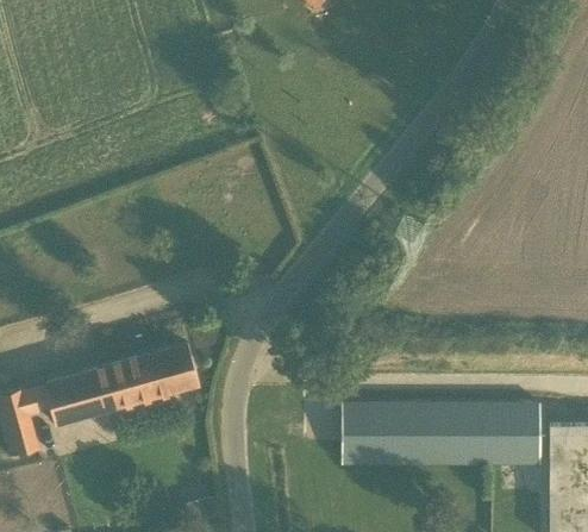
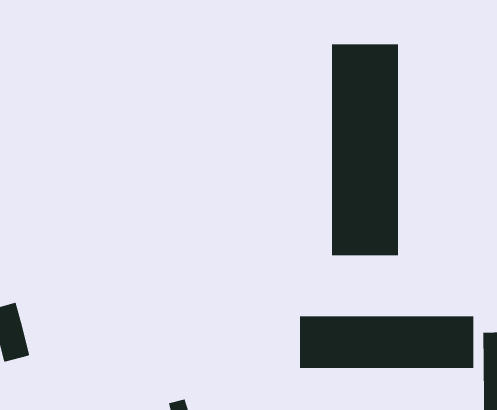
building: none -> [331,44,398,256]
building: [45,343,200,424] -> none

